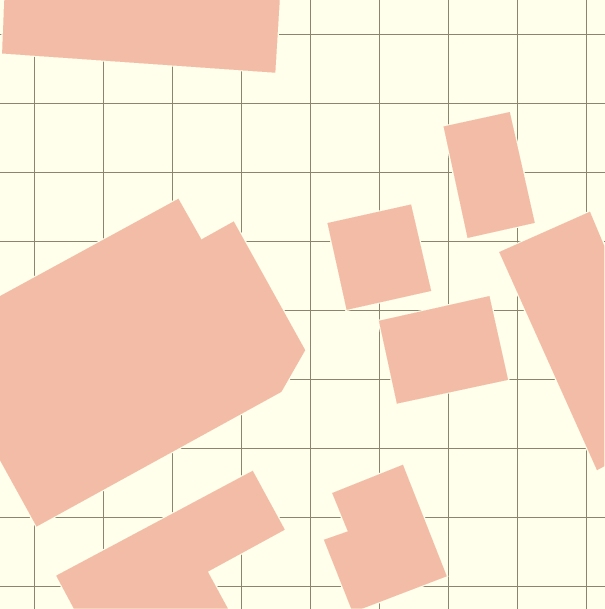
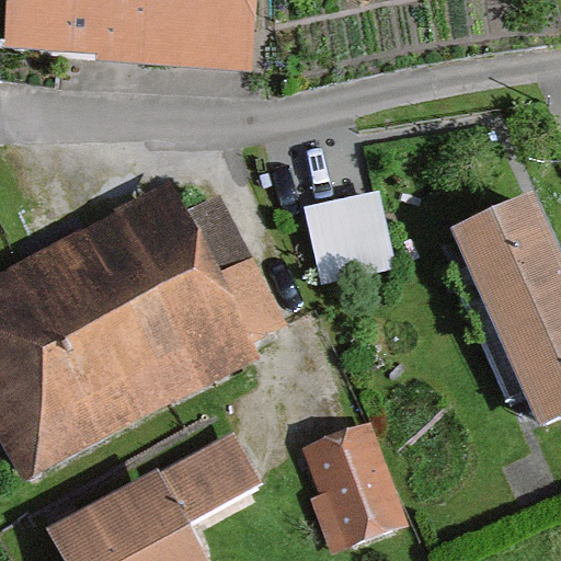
building: [443,111,535,239] -> none
building: [378,295,509,404] -> none

